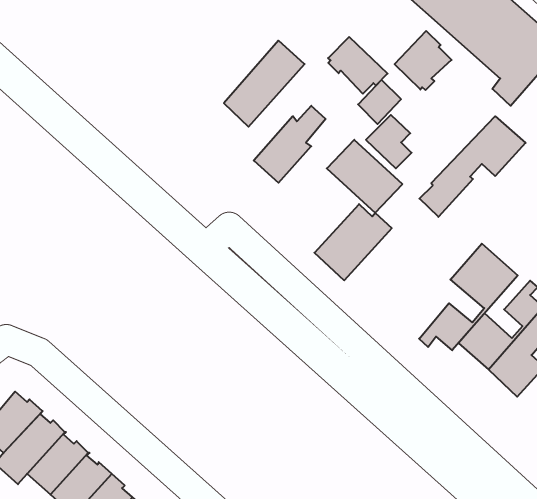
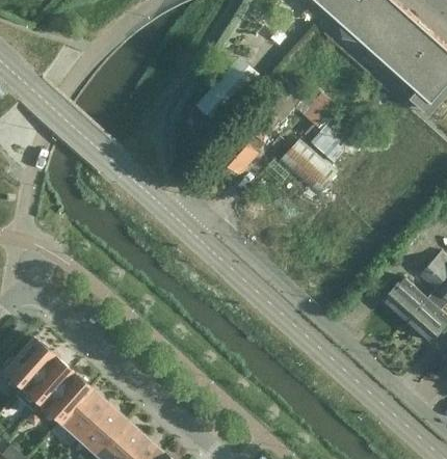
building: [395,31,452,90] -> none
building: [328,37,388,94] -> none
building: [419,116,526,217] -> none
building: [314,204,392,280] -> none
building: [419,244,518,350] -> none

